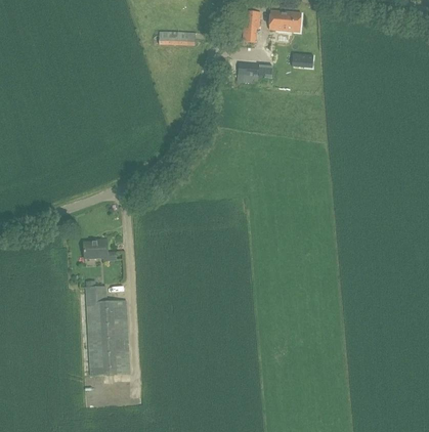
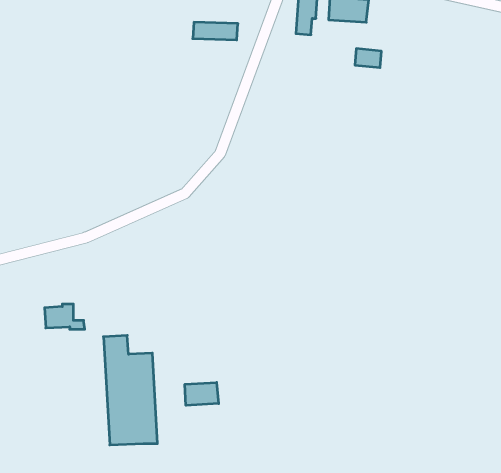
building: [237,62,272,83] -> none
building: [83,239,116,259] -> [45,304,85,329]
building: none -> [185,382,219,405]

